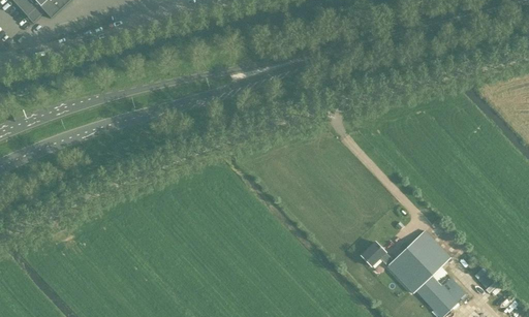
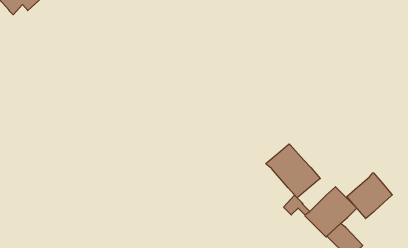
building: none -> [266,144,320,198]
building: none -> [347,173,392,219]

